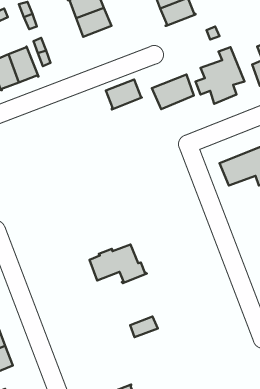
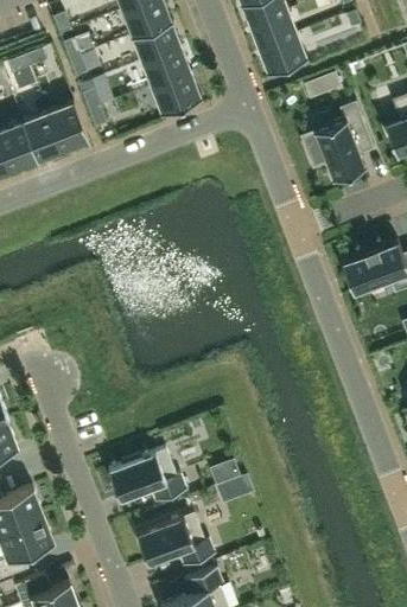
building: [152,74,194,109] -> none
building: [106,79,142,110] -> [152,72,202,114]
building: [89,244,147,283] -> [109,449,189,503]
building: none -> [136,512,216,567]

